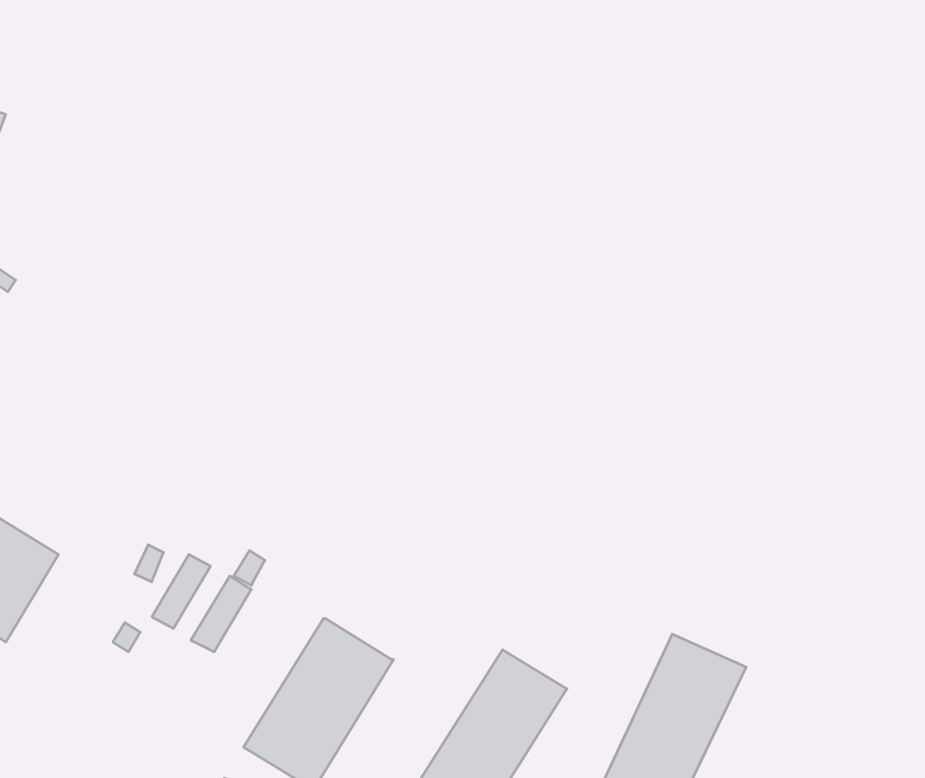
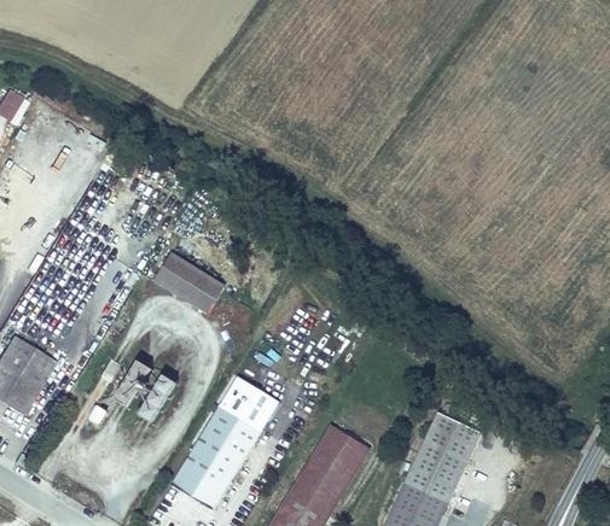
building: none -> [153,253,226,315]
building: none -> [221,376,279,429]

